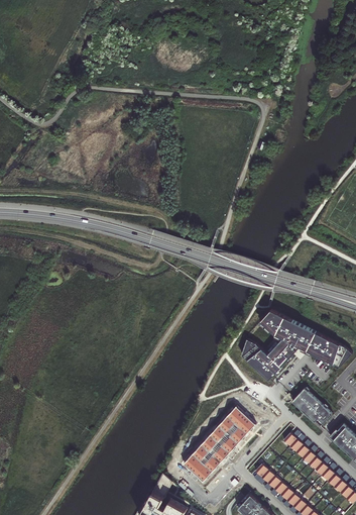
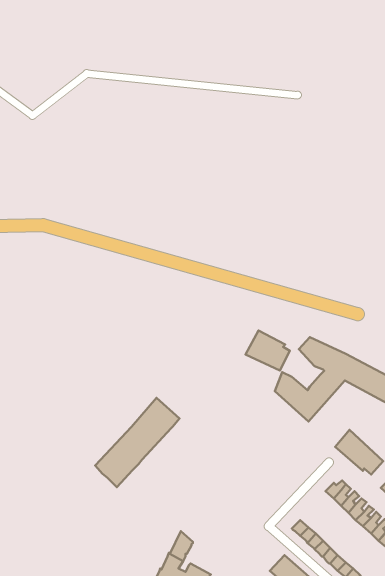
building: none -> [246,330,290,371]
building: [185,407,255,482] -> [95,398,180,487]

